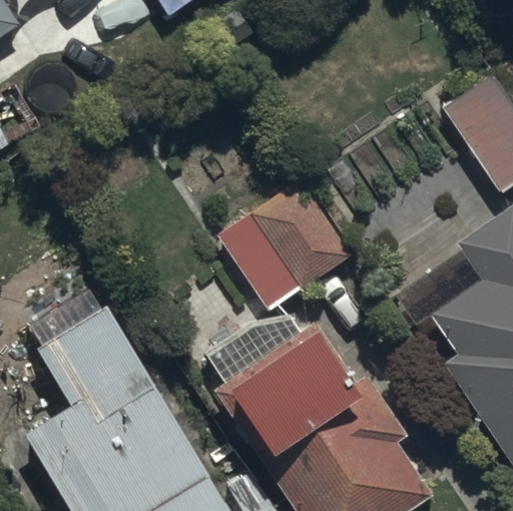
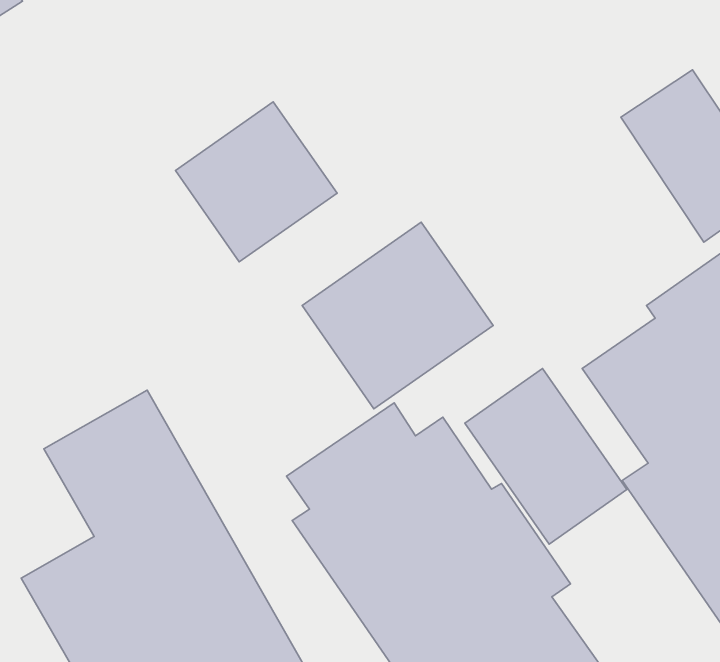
building: none -> [175,102,337,262]
building: none -> [465,368,627,544]

